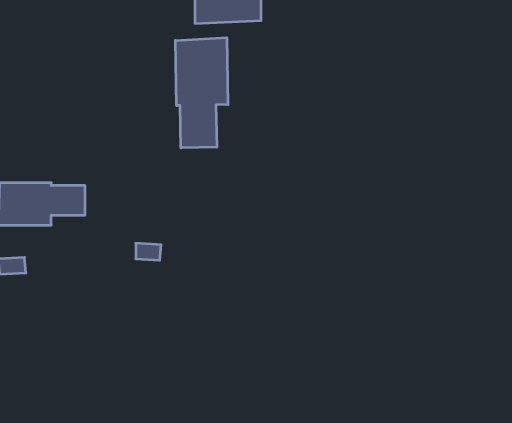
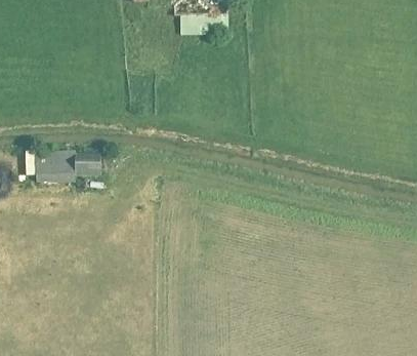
building: [175,38,228,148] -> none

